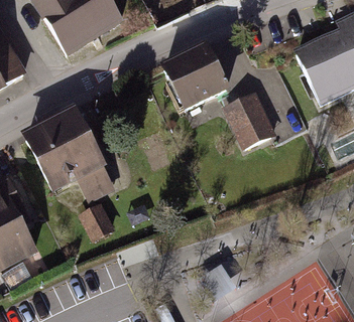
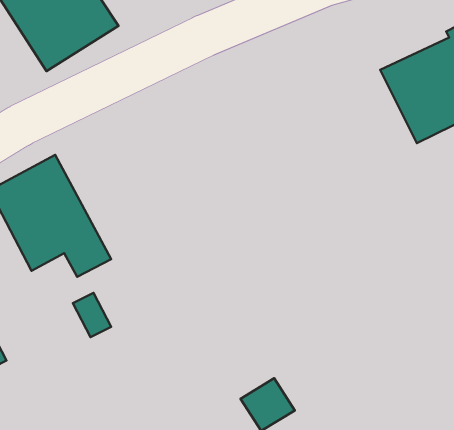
building: [165,42,230,109] -> none
building: [227,94,272,145] -> none

